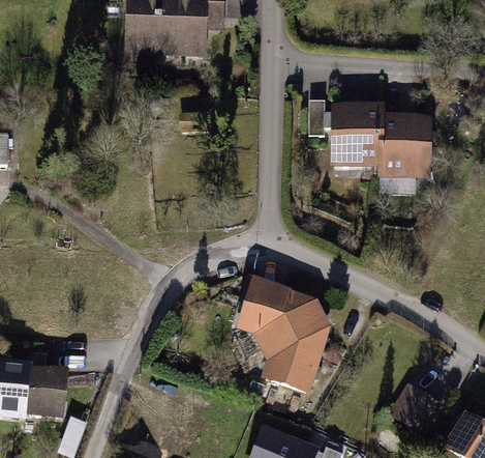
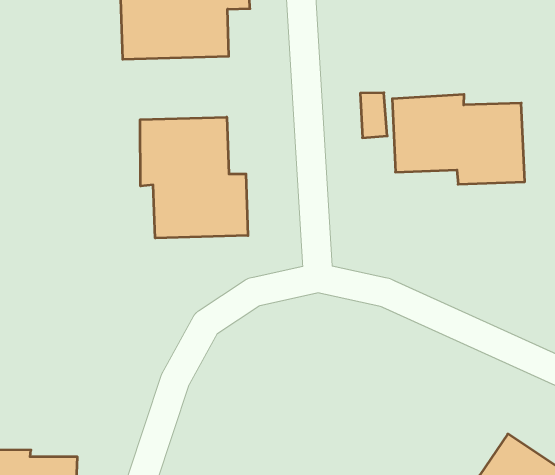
building: none -> [140,117,248,238]
building: [233,276,335,397] -> none

